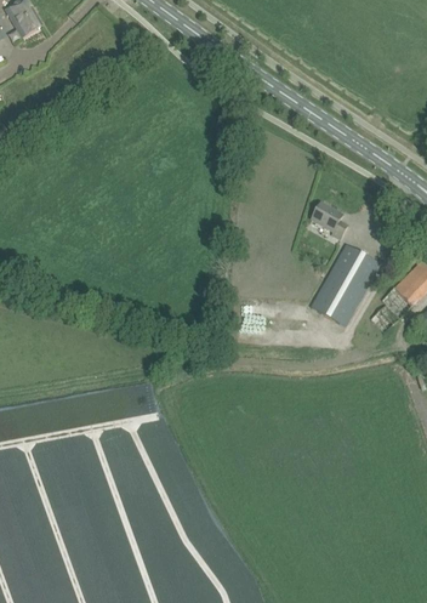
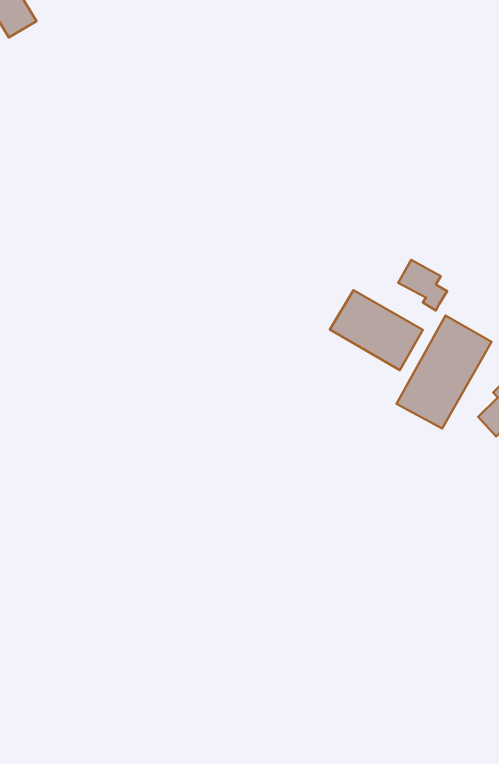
building: none -> [330,290,423,370]

